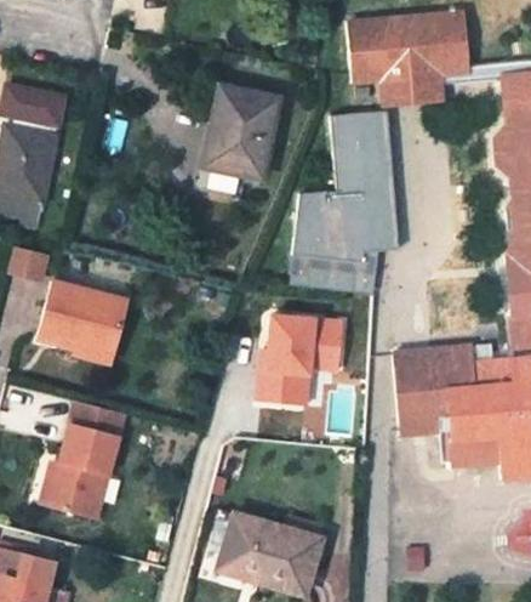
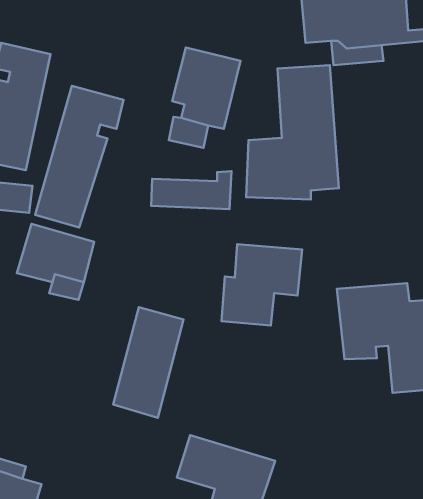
building: none -> [35,86,123,228]
building: [289,244,376,285] -> [151,171,232,209]
building: [41,401,118,521] -> [113,307,184,418]

